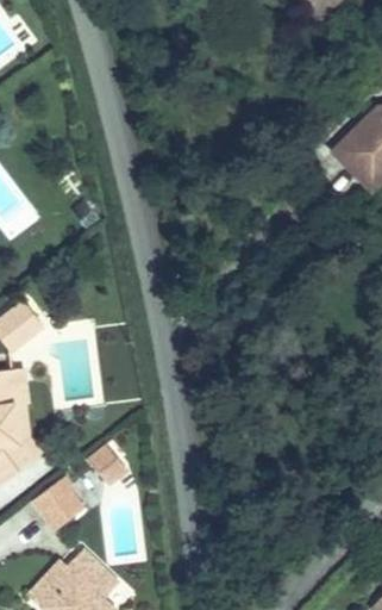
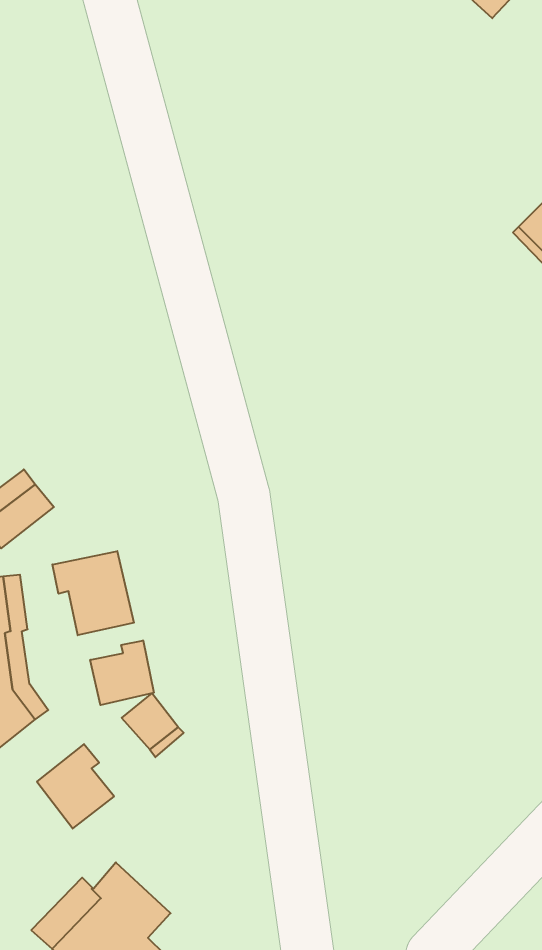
building: none -> [52,551,134,635]
building: none -> [90,640,154,705]

